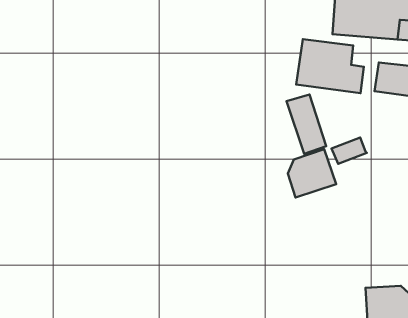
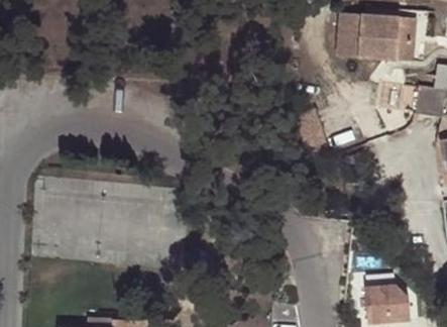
building: [296,39,364,93] -> none
building: [288,149,336,198] -> none

